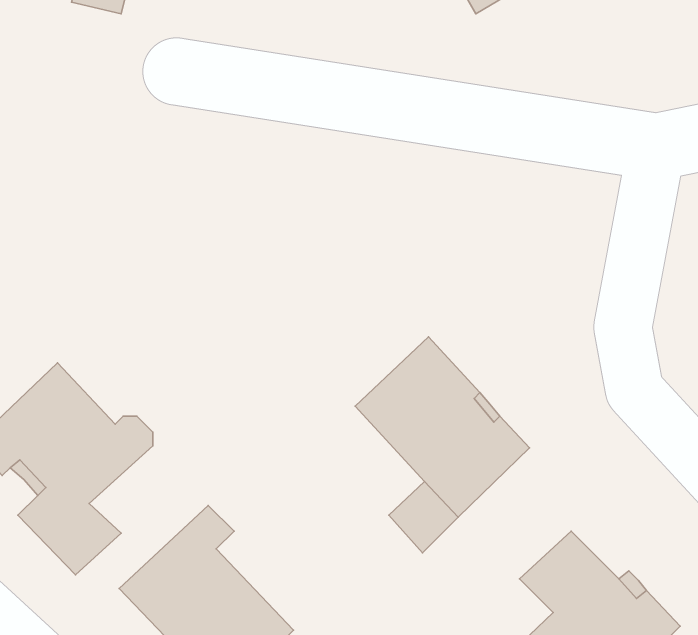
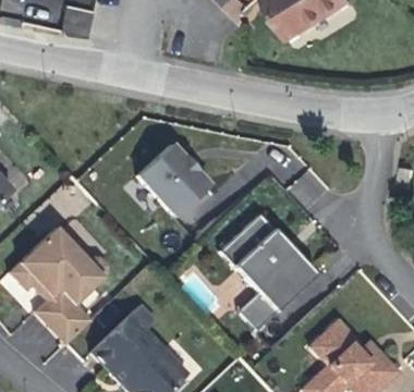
building: none -> [137,145,209,218]

